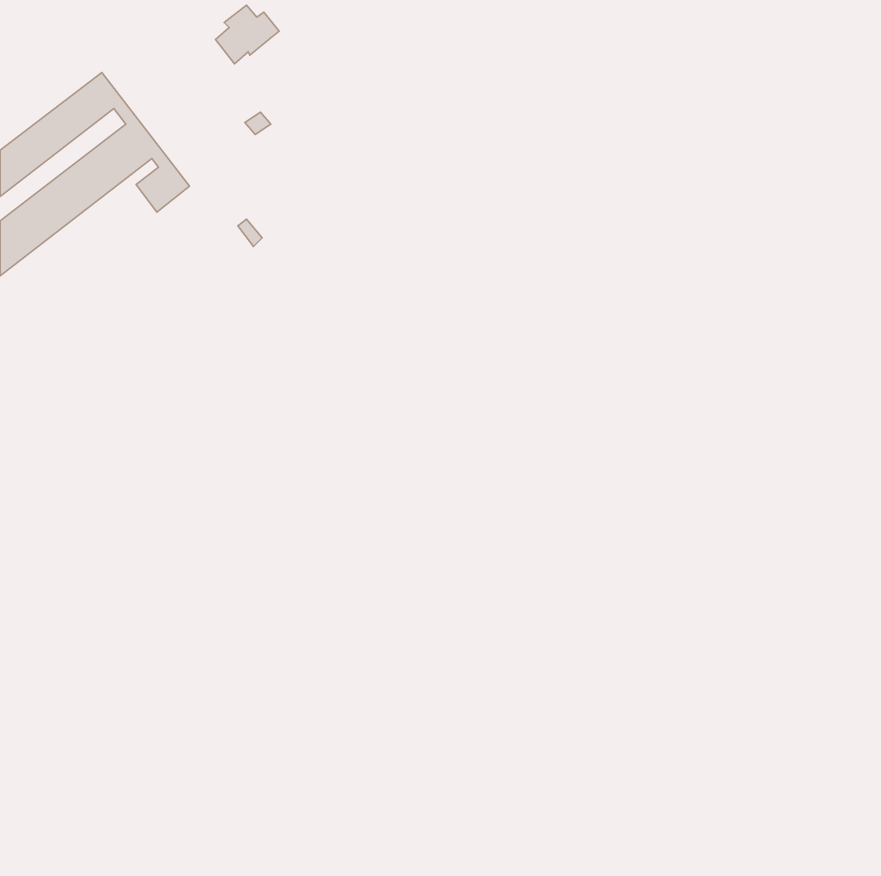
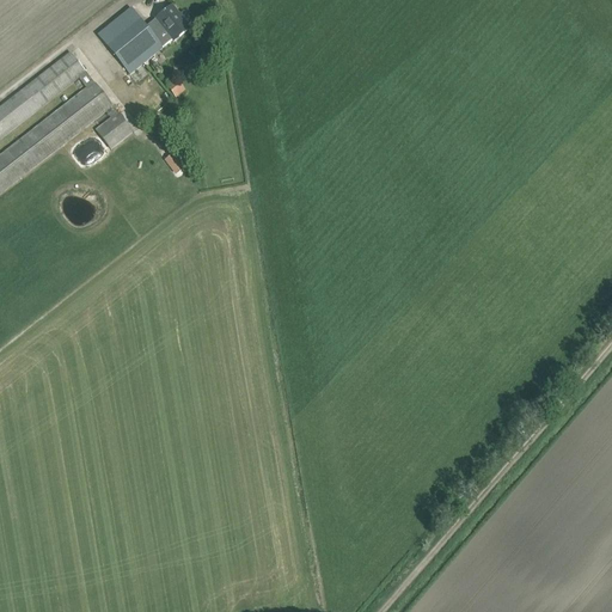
building: none -> [98,6,163,72]

